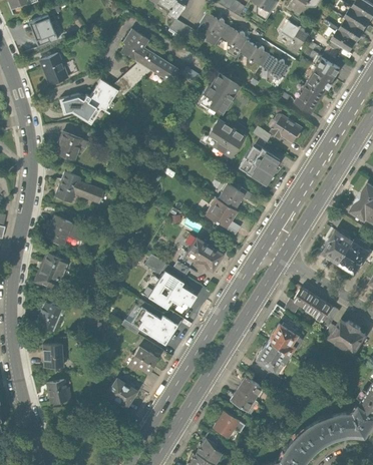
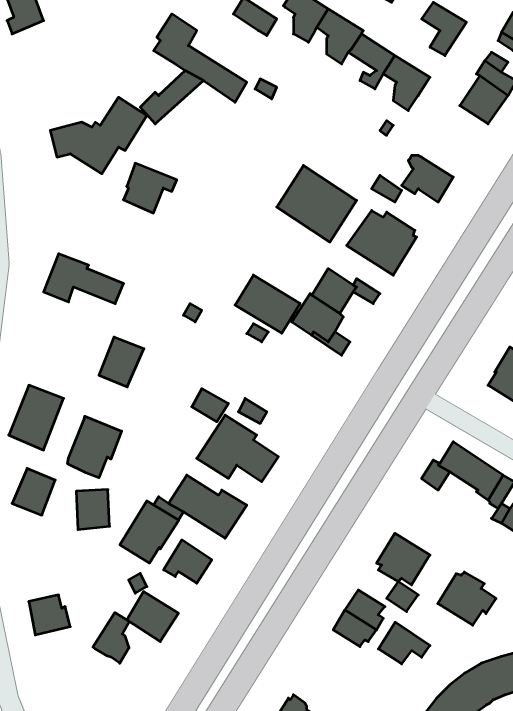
building: [39,54,67,85] -> none
building: [198,69,245,114] -> none
building: [294,84,323,113] -> none
building: [55,131,87,161] -> [123,163,177,213]
building: [45,214,72,245] -> [99,337,144,387]
building: [184,237,224,272] -> [235,275,300,333]
building: none -> [68,416,122,478]
building: none -> [120,501,179,563]
building: [267,323,302,355] -> [438,572,496,625]
building: [42,345,62,369] -> [76,490,110,530]
building: none -> [93,613,129,663]
building: [213,411,244,436] -> [378,622,430,664]

